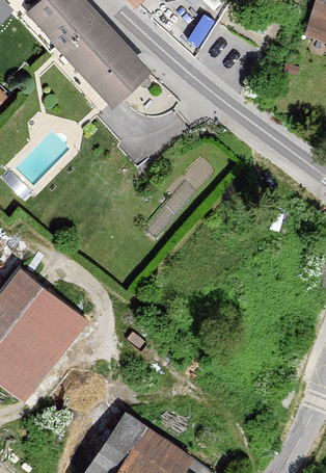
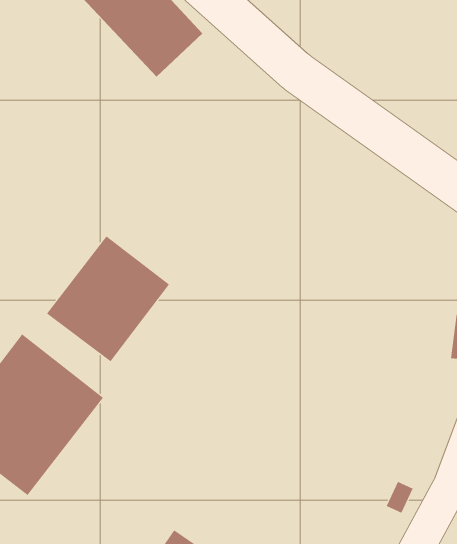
building: none -> [46,235,170,362]

